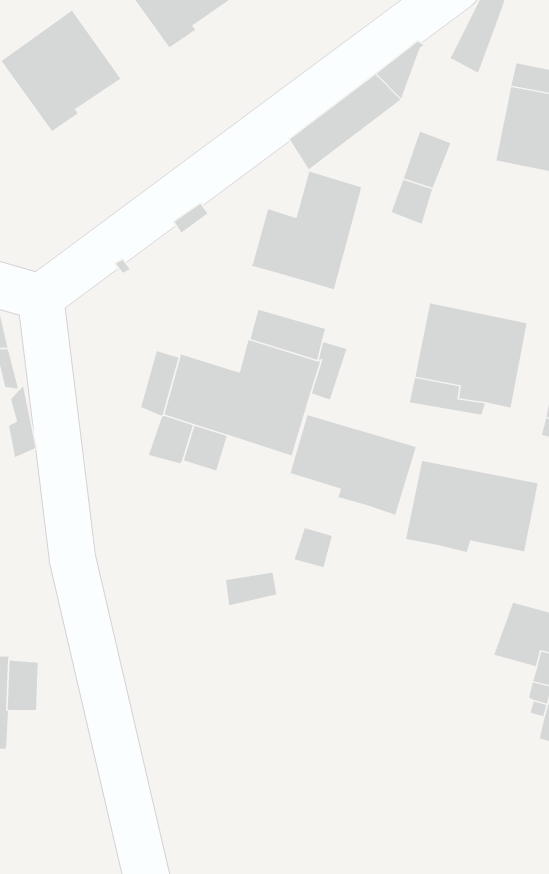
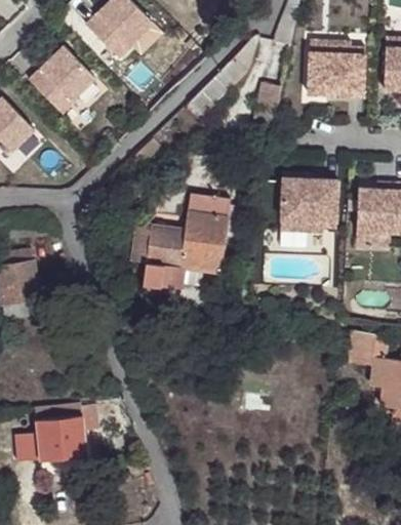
building: [249,170,362,290] -> none
building: [290,414,417,516] -> none
building: [405,460,539,553] -> none

